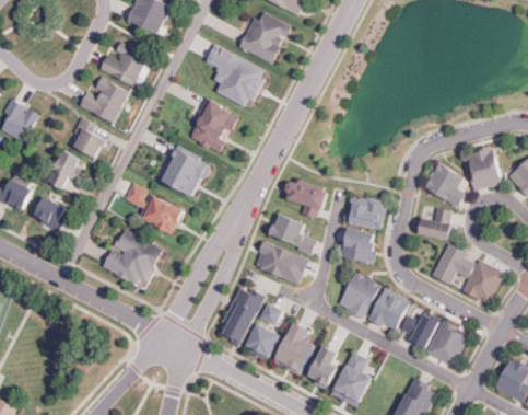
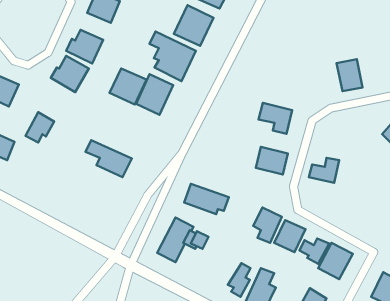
building: [67,117,107,158] -> none
building: [467,147,501,188] -> [336,59,363,91]
building: [161,149,209,196] -> [109,68,147,105]
building: [423,163,466,207] -> none
building: [283,177,327,218] -> [259,103,292,134]
building: [32,195,66,229] -> none
building: [271,211,317,255] -> none
building: [102,228,161,288] -> none
building: [341,228,377,263] -> none
building: [432,245,503,303] -> none
building: [245,322,281,358] -> none
building: [273,322,314,374] -> none

